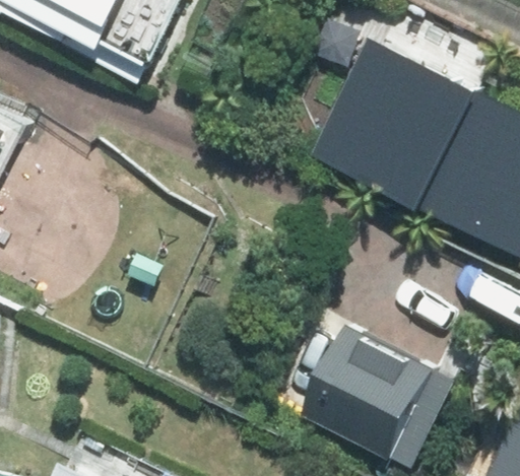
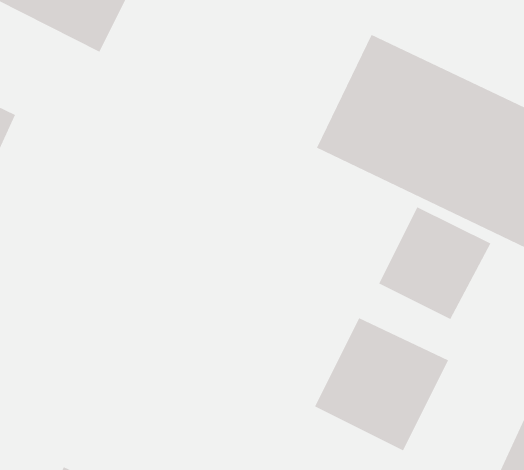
building: none -> [379,206,491,320]

